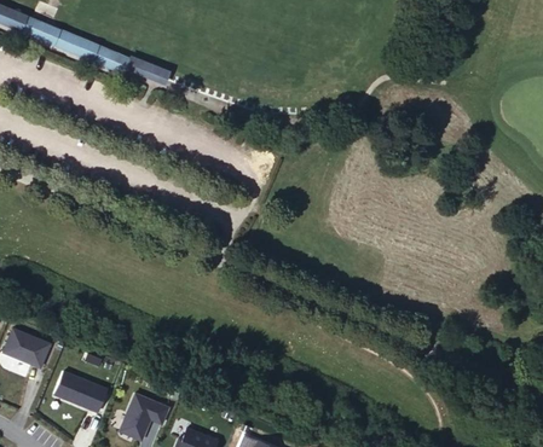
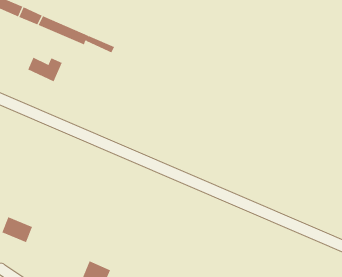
building: none -> [27,57,62,82]
building: [54,372,108,413] -> none

